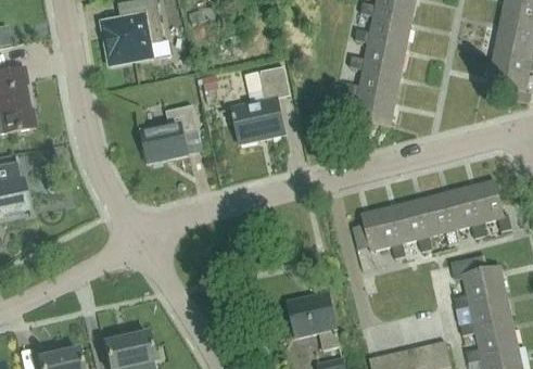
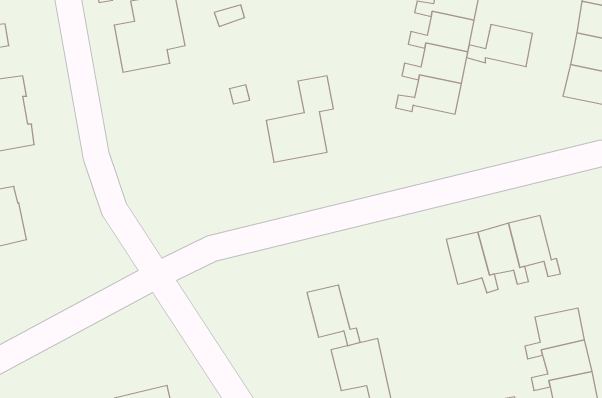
building: [338,91,394,127] -> [467,25,533,67]
building: [141,103,198,162] -> none
building: [467,179,510,231] -> none
building: [359,206,405,258] -> [307,285,360,346]

